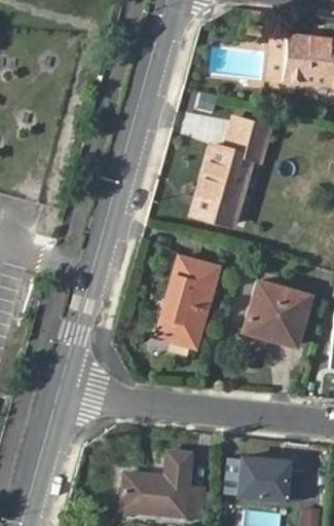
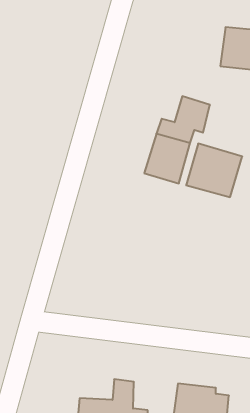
building: [159,258,220,346] -> none
building: [240,279,307,343] -> [186,144,242,197]

